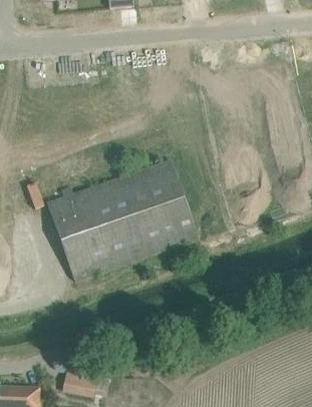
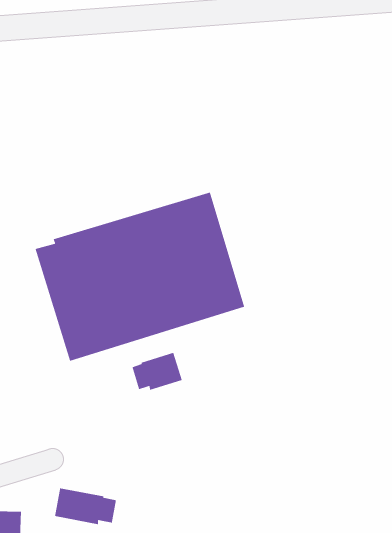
building: none -> [132,352,183,391]

